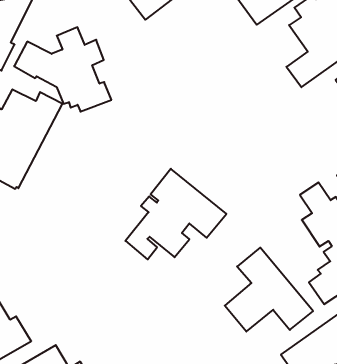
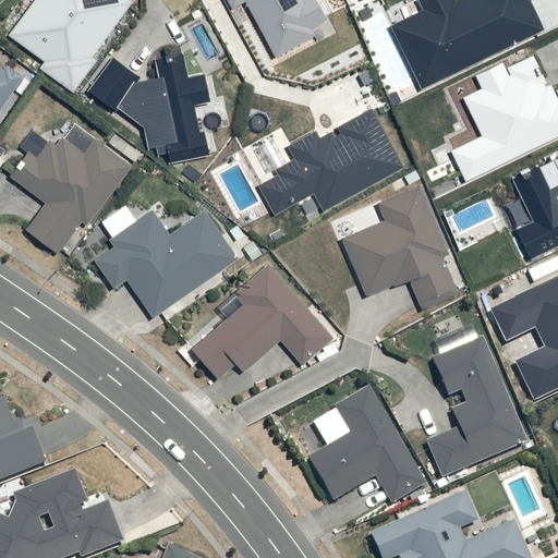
building: none -> [254,112,398,216]
building: none -> [345,184,461,311]
building: none -> [97,198,240,320]

